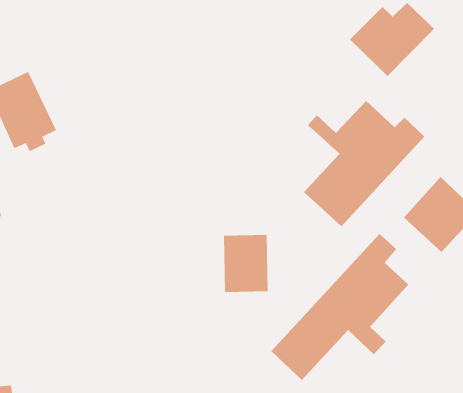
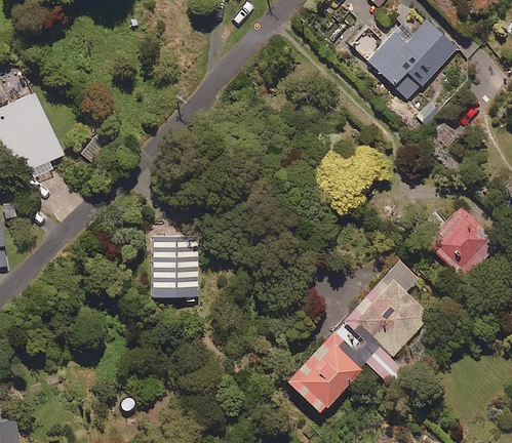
building: [303,100,425,227] -> none
building: [223,234,269,293] -> [152,237,199,297]

